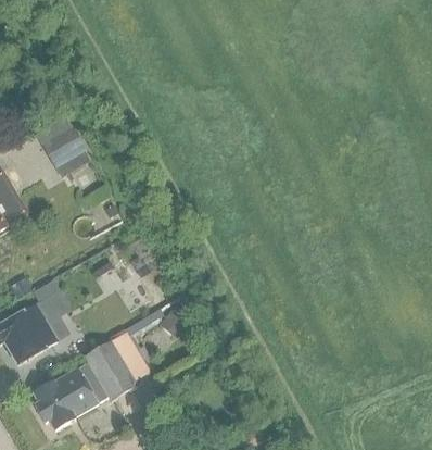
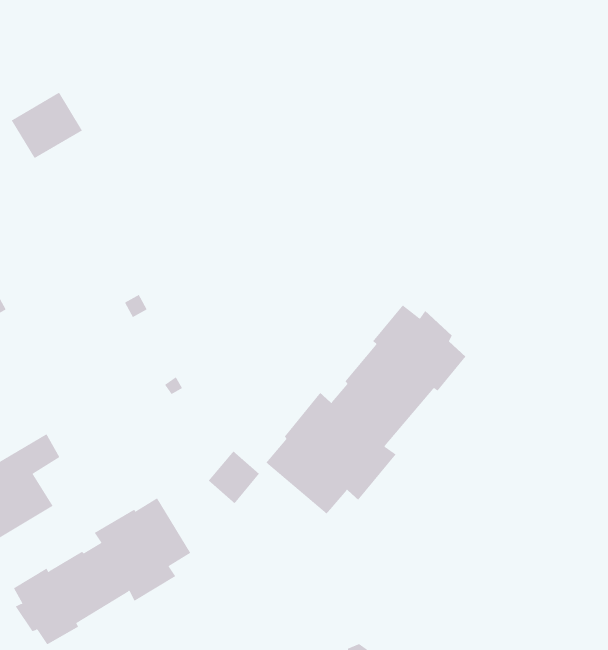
building: [41,122,88,165] -> [11,92,83,159]
building: none -> [265,305,466,514]

